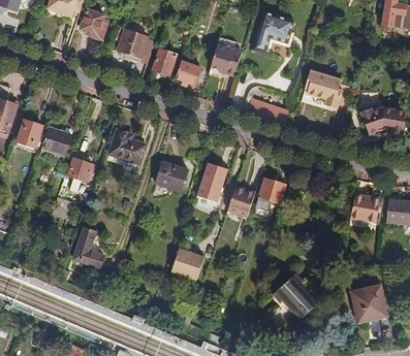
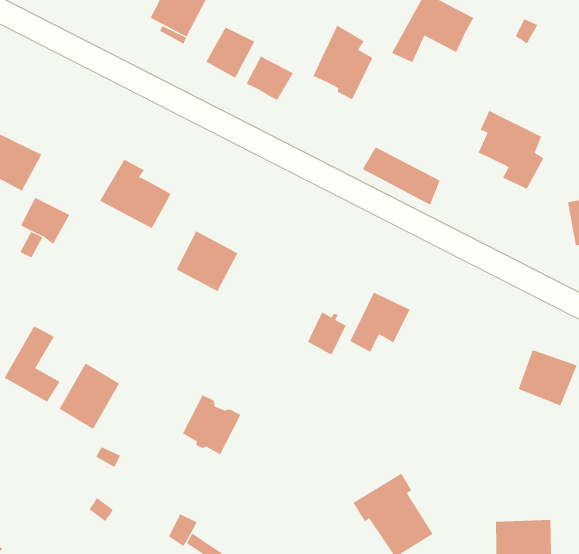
building: [196,161,228,203] -> none
building: none -> [59,363,120,430]

